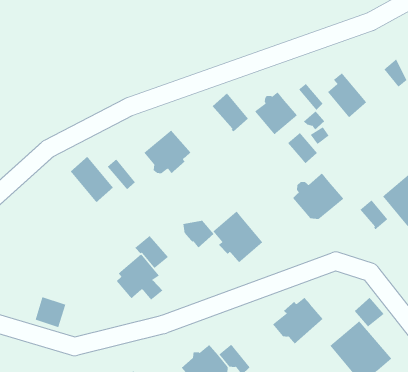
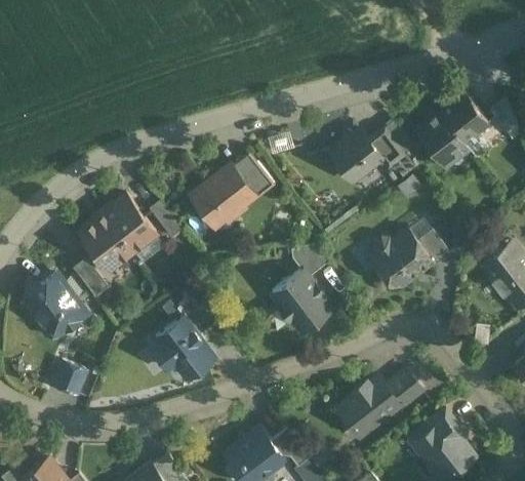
building: none -> [439,93,488,149]
building: [212,92,249,132] -> [229,154,273,202]
building: [287,132,318,164] -> [368,129,405,168]
building: none -> [79,212,133,271]
building: [360,200,388,230] -> [416,231,450,268]
building: none -> [73,257,108,296]
building: [182,220,215,248] -> [291,245,329,279]
building: none -> [22,270,91,340]
building: [354,297,385,328] -> [386,372,422,409]

